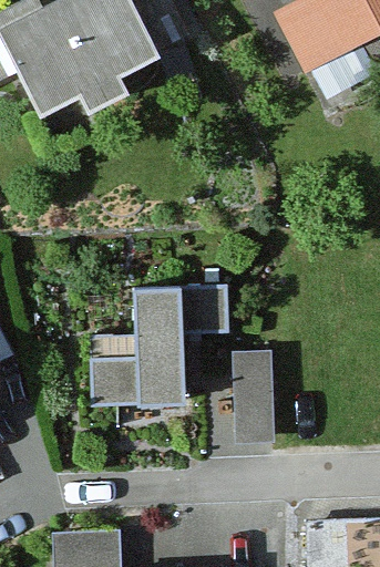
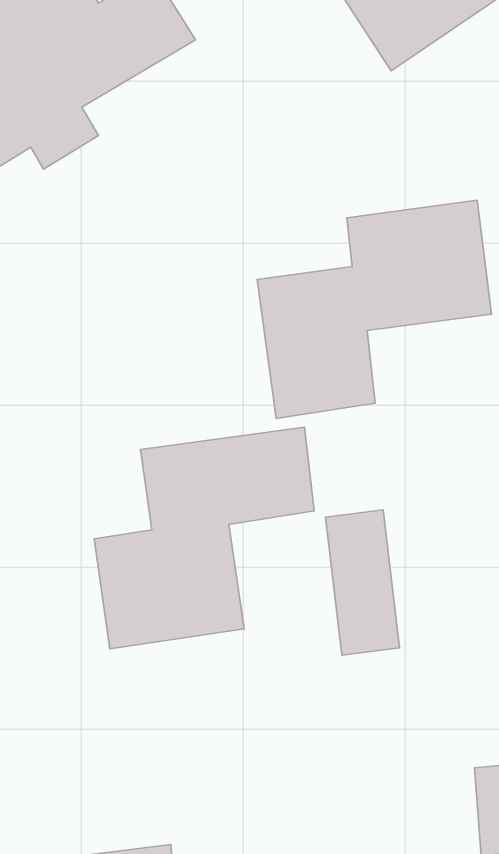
building: none -> [257,200,491,418]

